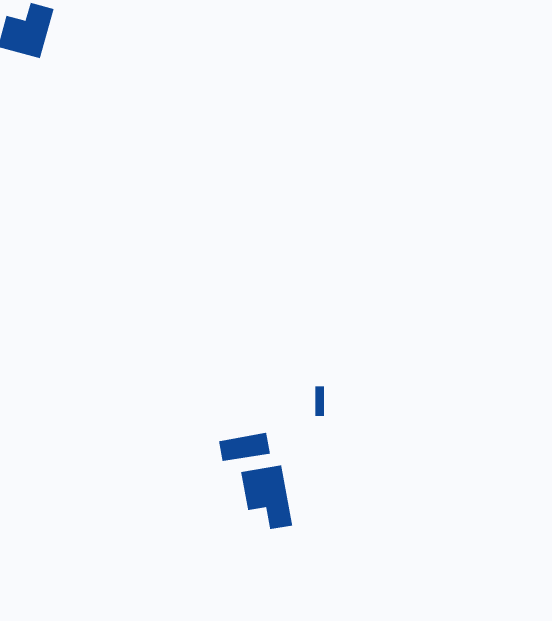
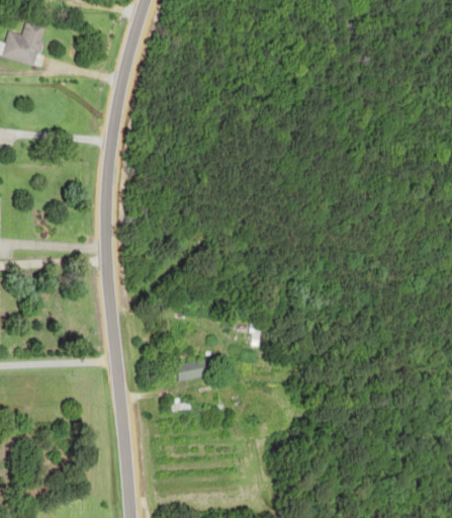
building: [240,465,293,530] -> none

